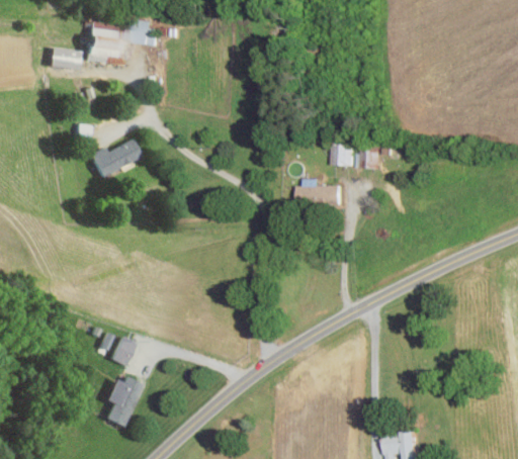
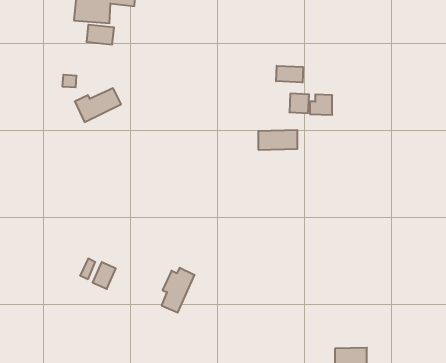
building: [52,48,83,70] -> [86,25,114,44]
building: none -> [276,66,303,83]
building: [106,376,144,427] -> [162,268,195,313]

